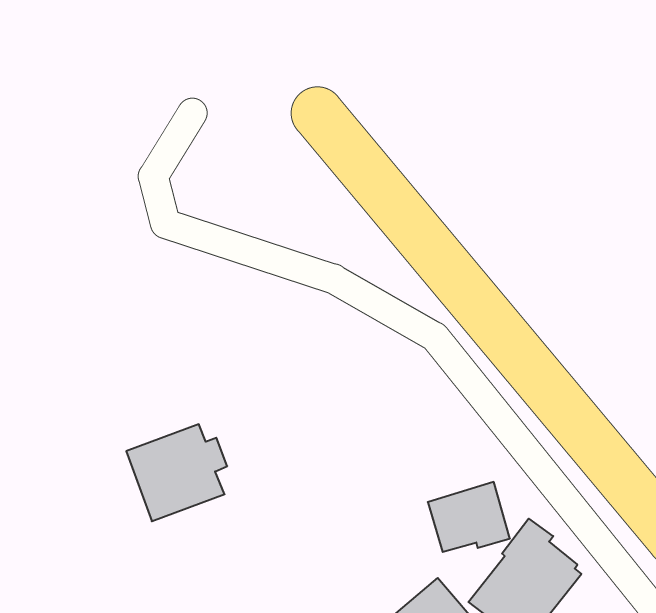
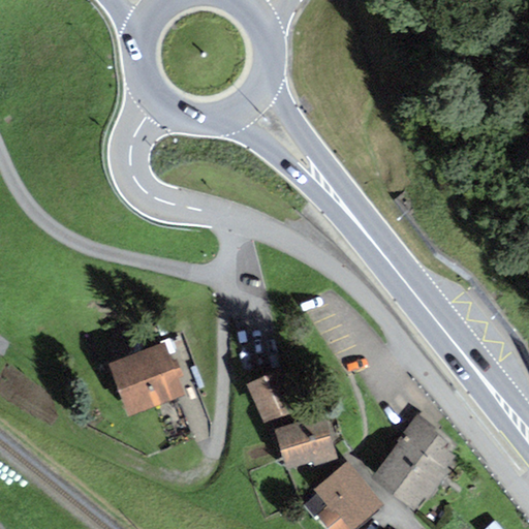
building: none -> [246,370,297,423]
building: [428,482,510,552] -> [276,415,339,469]

